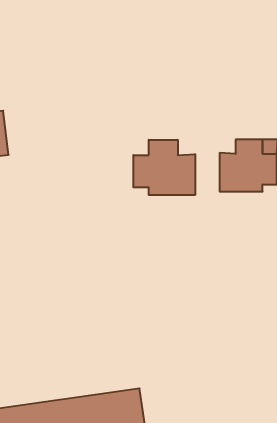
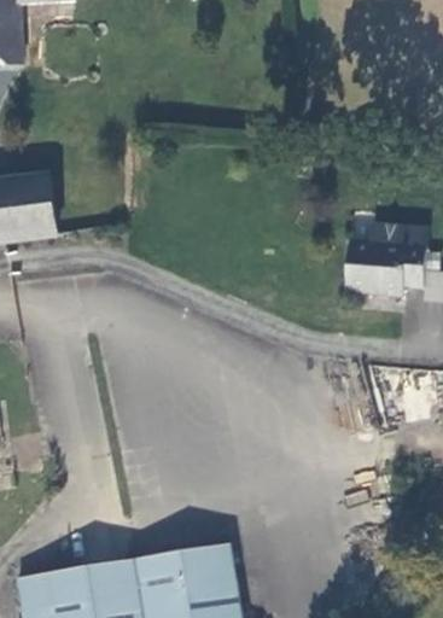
building: [133,140,195,195] -> none

